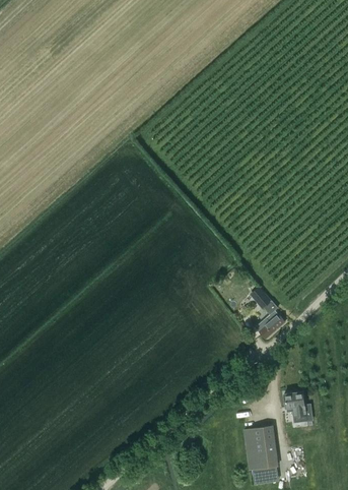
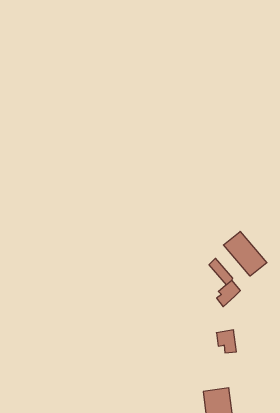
building: none -> [223,231,267,276]
building: [284,391,305,416] -> [216,330,236,353]

